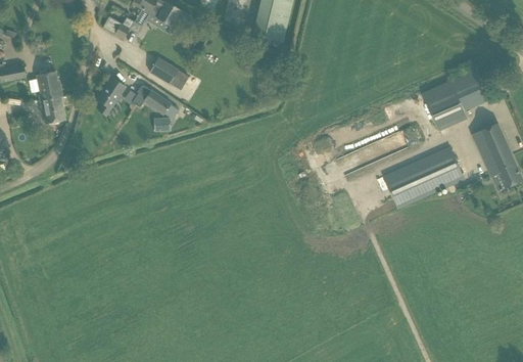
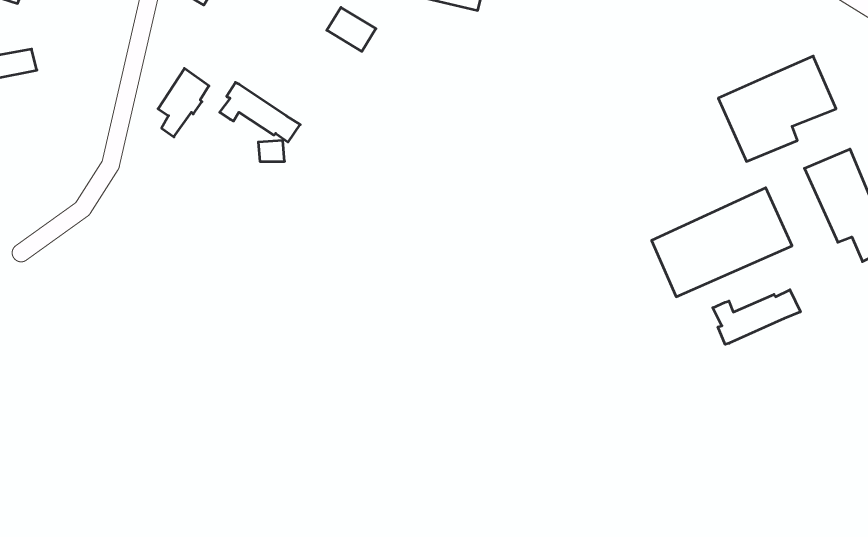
building: [149,57,178,83] -> [327,7,376,51]
building: [37,71,65,123] -> none
building: none -> [713,290,800,344]

